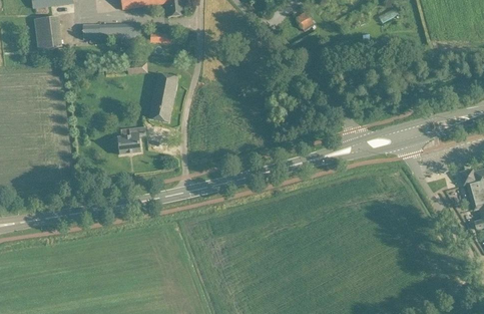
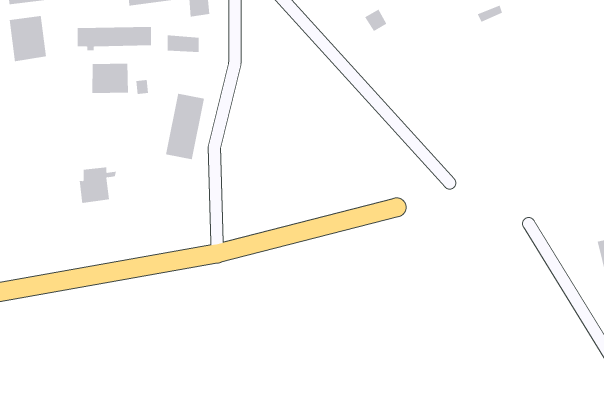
building: none -> [92,63,128,94]
building: [117,126,145,153] -> [79,167,117,204]

